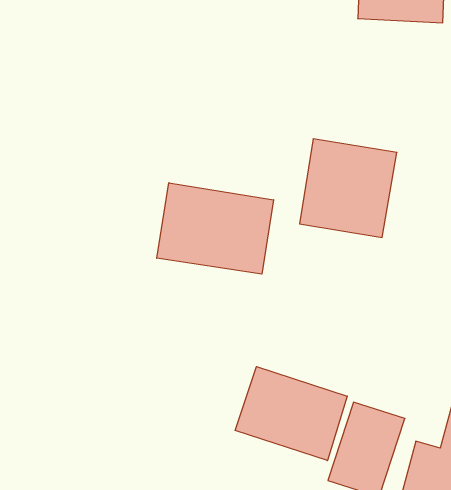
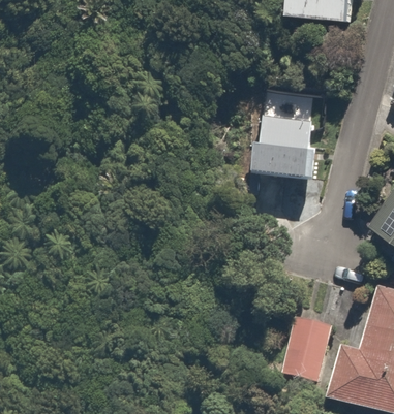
building: [157,183,274,274] -> none
building: [235,367,347,461] -> none

